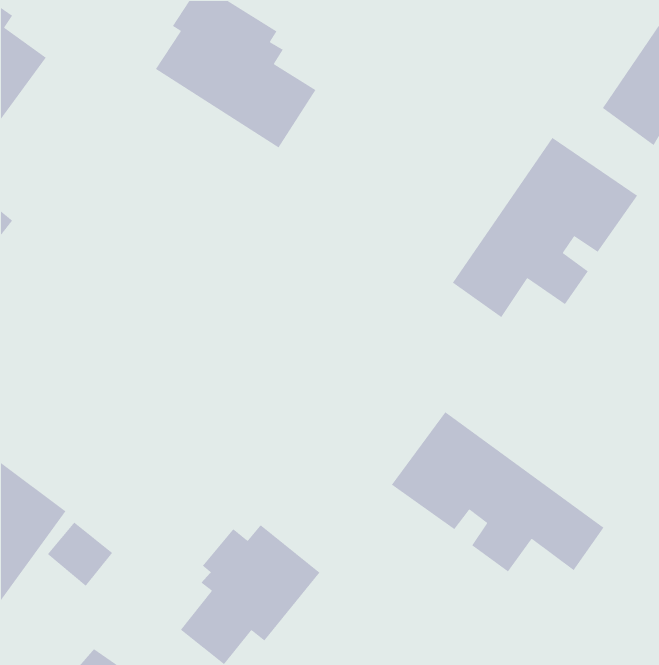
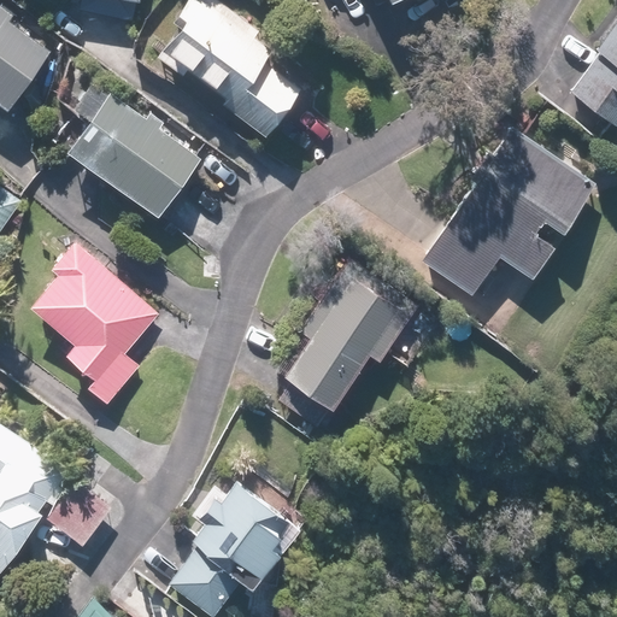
building: none -> [64,84,198,218]
building: none -> [34,245,161,401]
building: none -> [275,264,417,425]
building: [391,411,604,572] -> none

